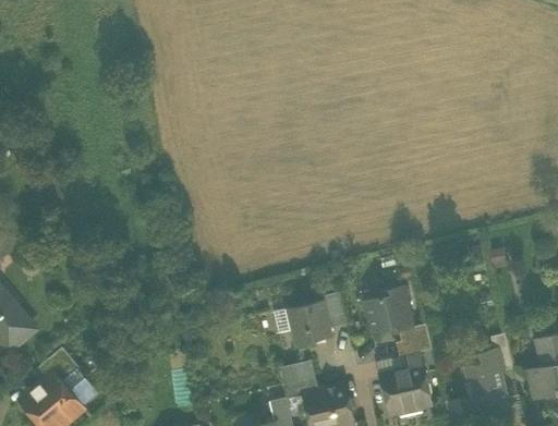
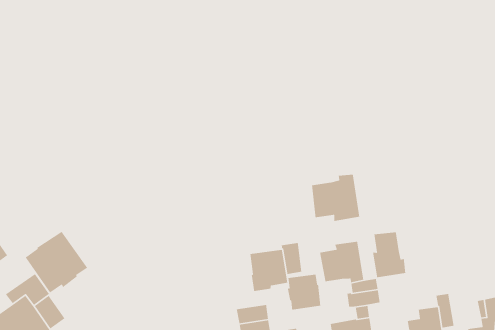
building: none -> [311,174,360,222]
building: none -> [372,231,406,278]
building: none -> [24,231,88,294]
building: none -> [287,273,321,311]

